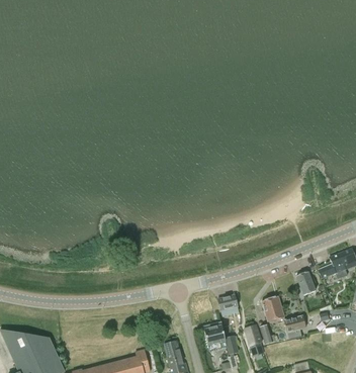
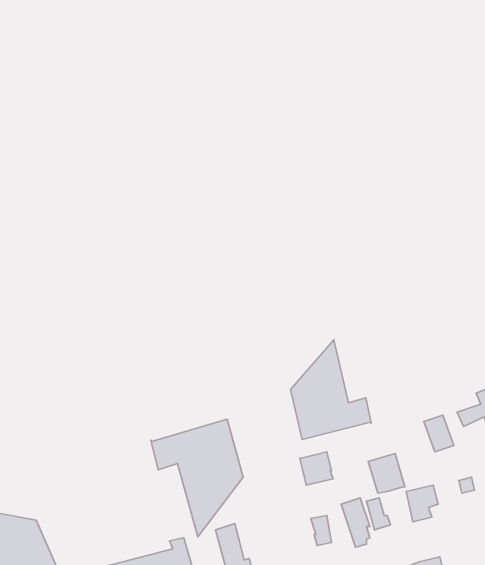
building: none -> [291,340,371,439]
building: none -> [151,419,243,537]
building: [204,327,228,353] -> none

